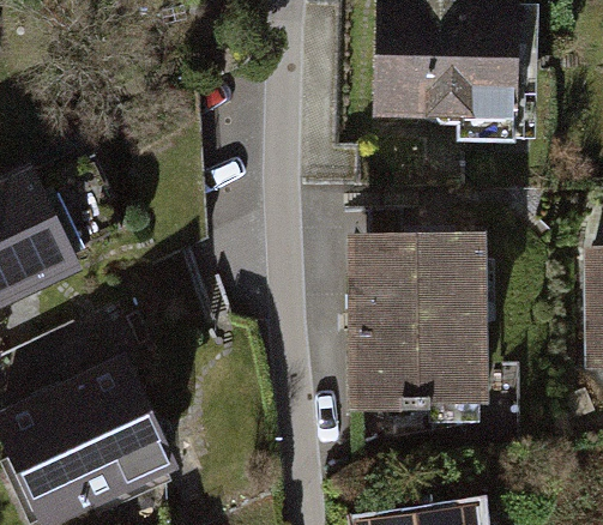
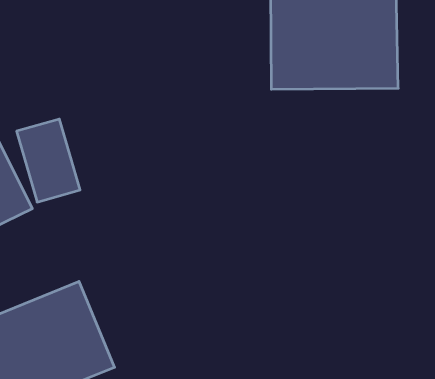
building: [356,227,487,400] -> none

